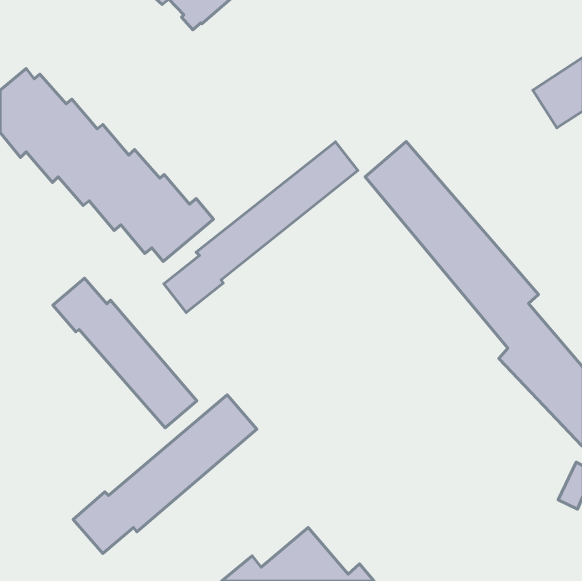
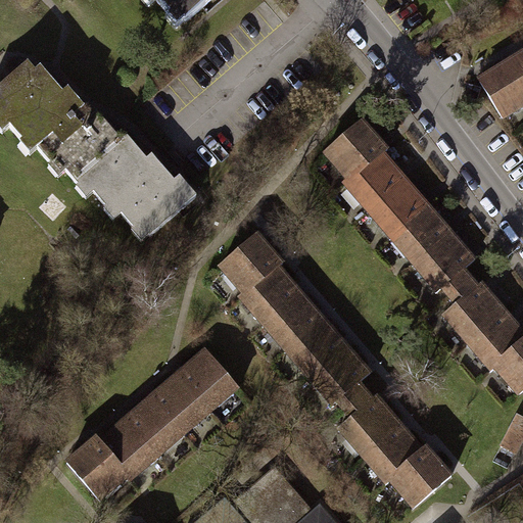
building: [164,142,358,313] -> none
building: none -> [221,236,446,504]
building: [53,278,197,428] -> none

